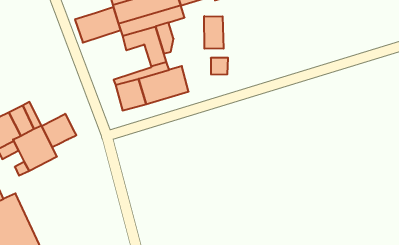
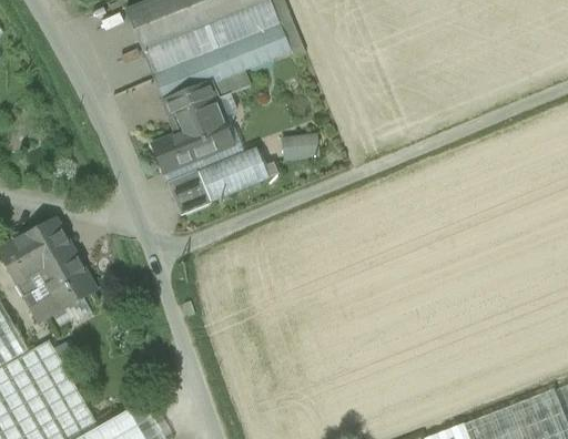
building: [75,7,120,43] -> [149,124,211,175]
building: [204,16,224,49] -> none
building: [42,114,76,147] -> none

